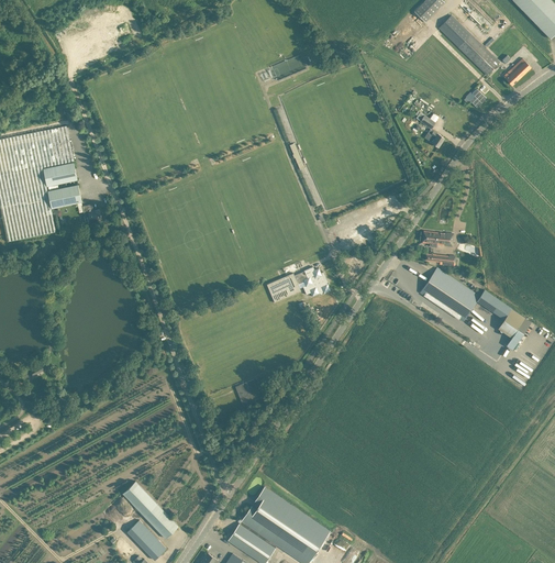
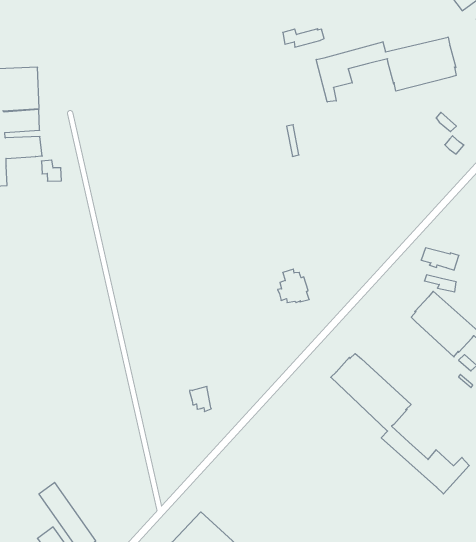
building: none -> [316,37,456,102]
building: [266,273,300,302] -> none
building: none -> [331,354,469,494]

